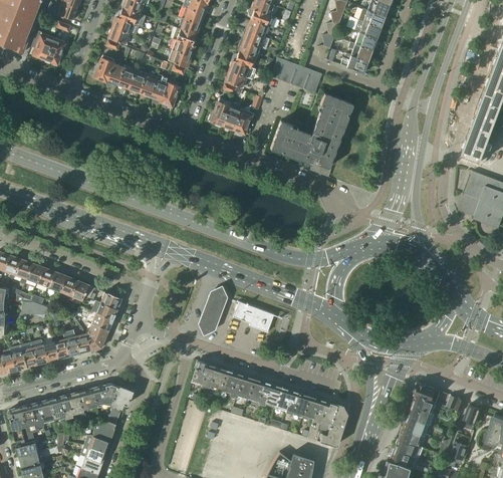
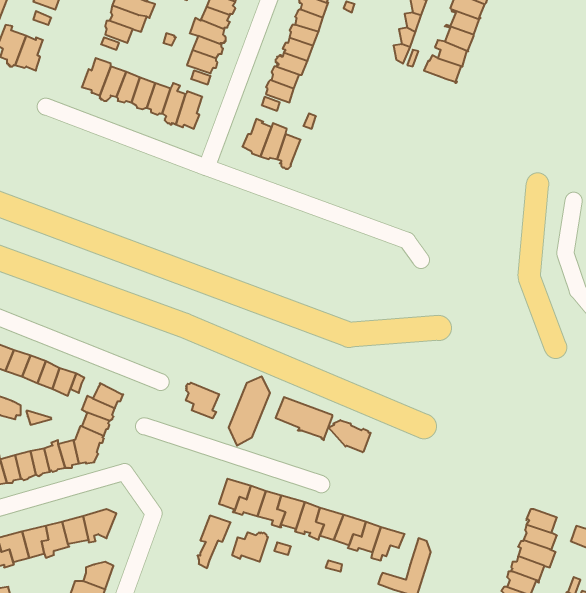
building: [271,58,322,93] -> none
building: [270,94,352,169] -> none
building: none -> [186,383,219,418]
building: none -> [328,420,371,452]
building: [108,387,133,425] -> [197,516,231,568]
building: none -> [232,532,268,562]
building: [310,402,336,435] -> none

